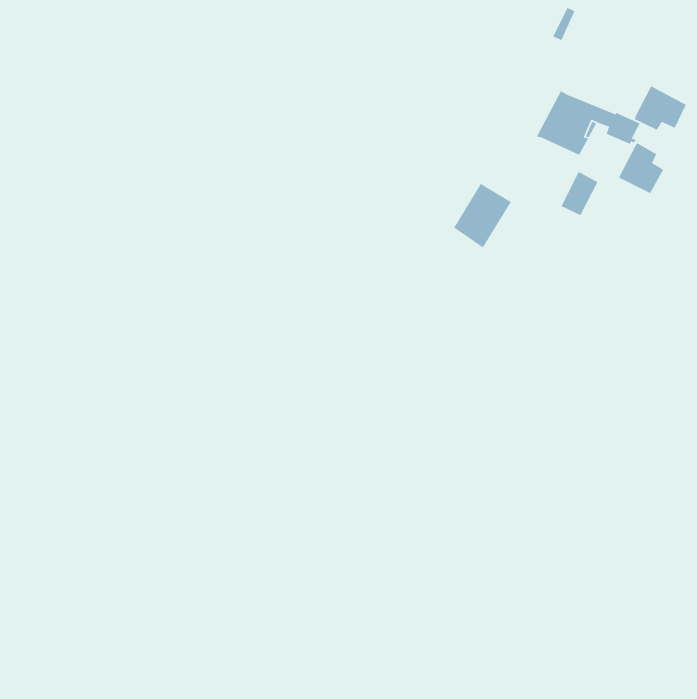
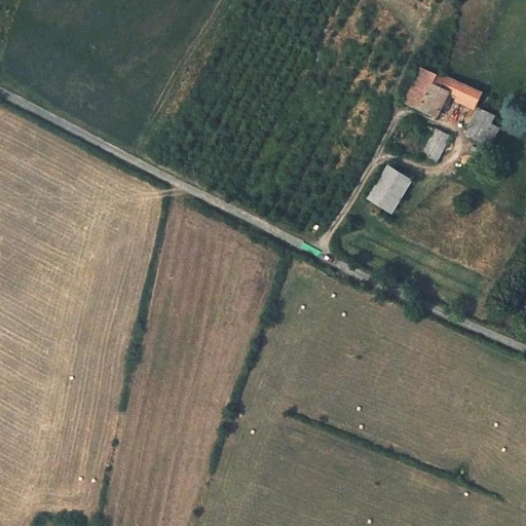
building: [634,85,687,131] -> none
building: [453,183,512,248] -> [368,164,412,214]

